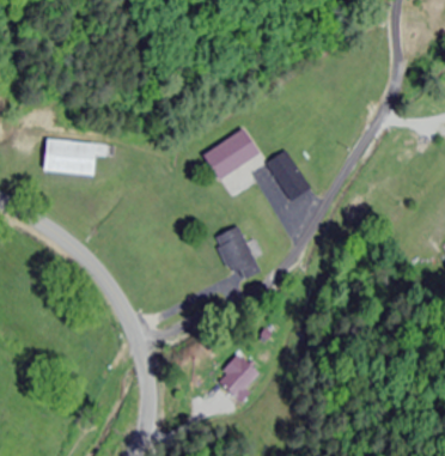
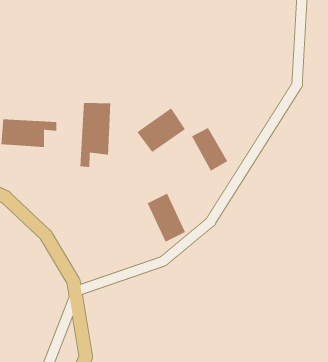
building: none -> [80,102,111,168]
building: [217,357,256,403] -> none

